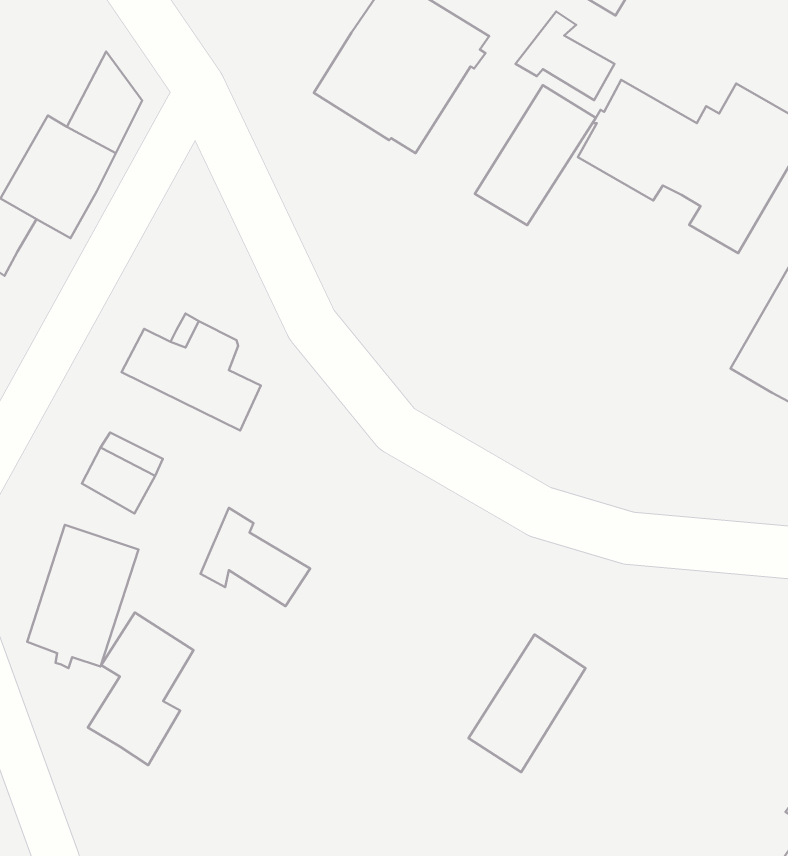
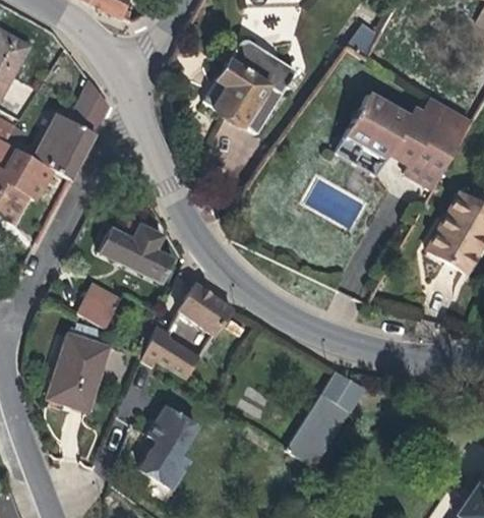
building: [515,12,614,100] -> none
building: [475,85,596,225] -> none
building: none -> [178,283,233,335]
building: none -> [321,370,364,411]
building: [88,612,193,765] -> [140,406,197,488]

